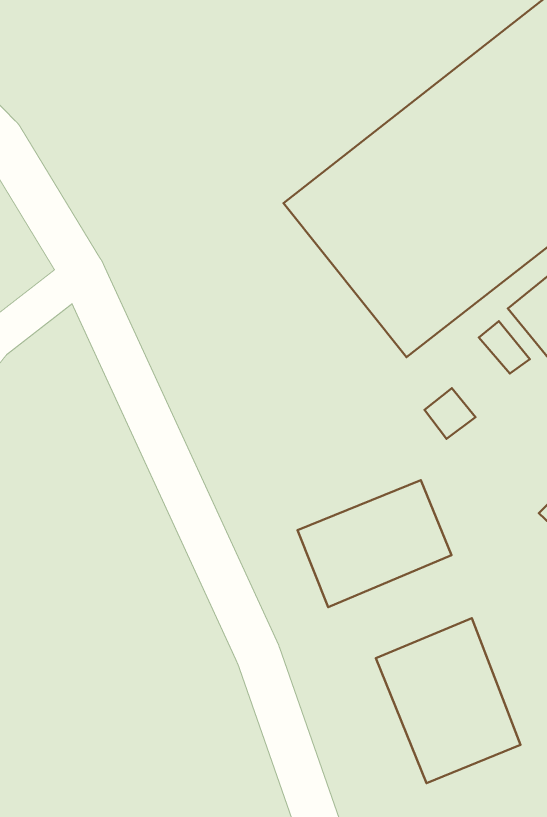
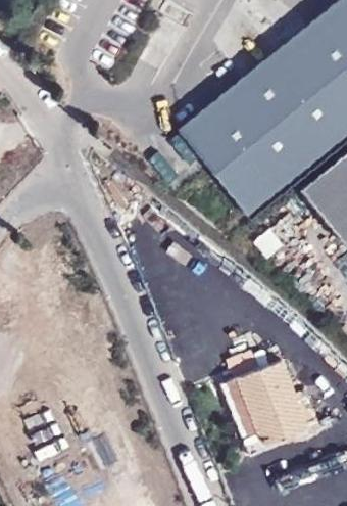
building: [298,480,452,607] -> none

